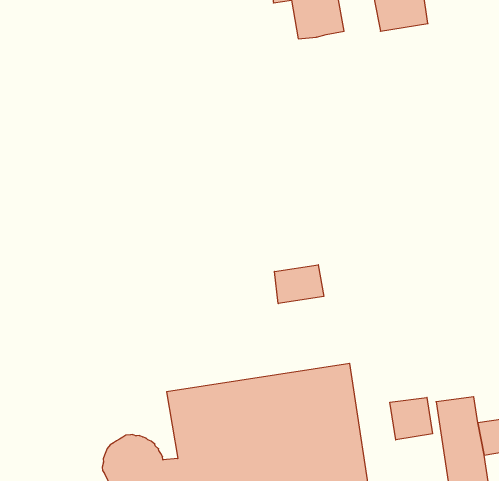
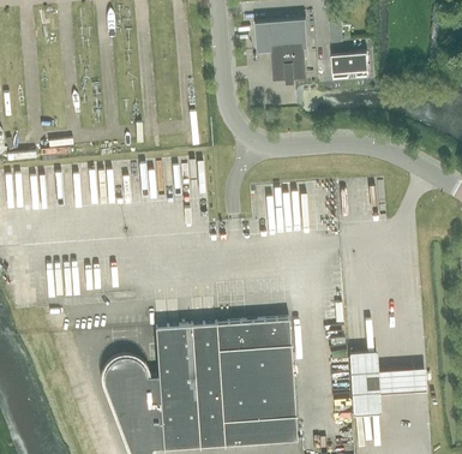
building: [274,265,324,304] -> none
building: [390,397,432,440] -> none

